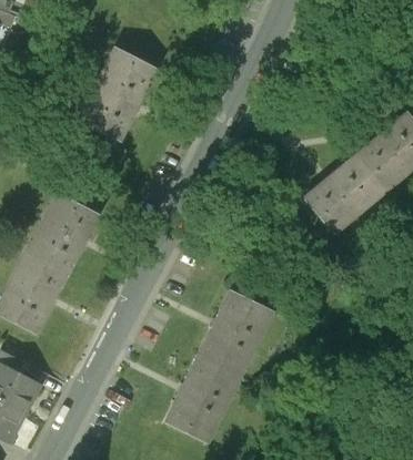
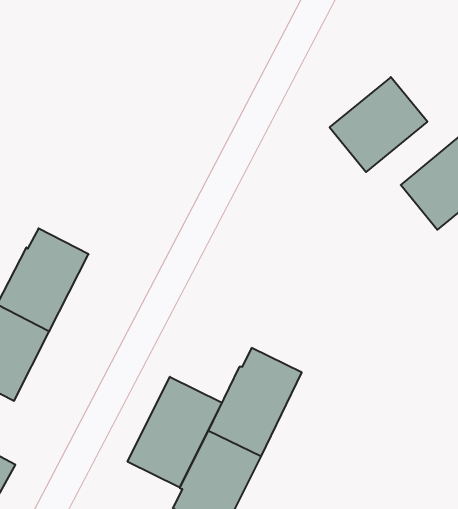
building: [77,47,155,140] -> none
building: [304,156,384,234] -> [330,77,427,172]
building: none -> [128,377,222,487]

